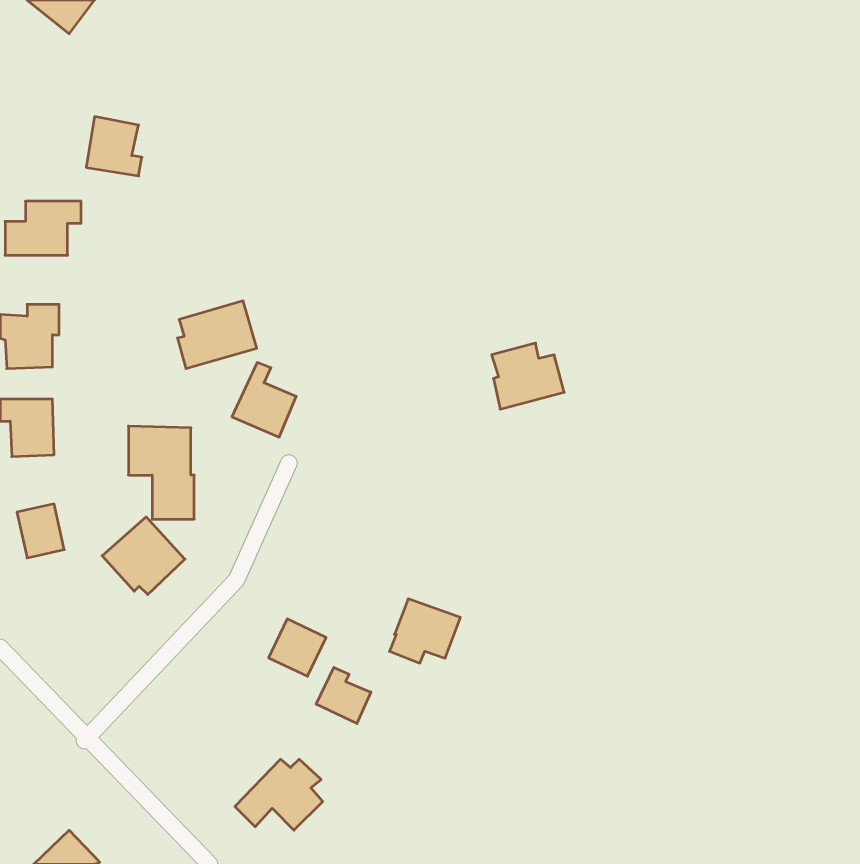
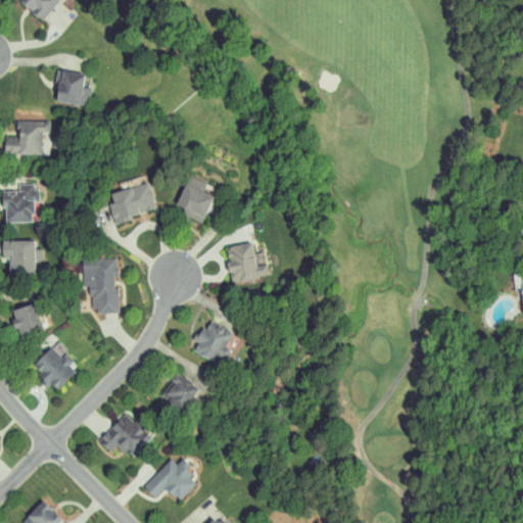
building: [492,343,564,409] -> [227,241,271,281]
building: [232,363,296,437] -> [175,176,213,221]
building: [102,517,185,595] -> [30,342,80,389]
building: [389,599,460,663] -> [195,321,238,360]
building: [316,667,371,724] -> none
building: none -> [98,413,151,458]

